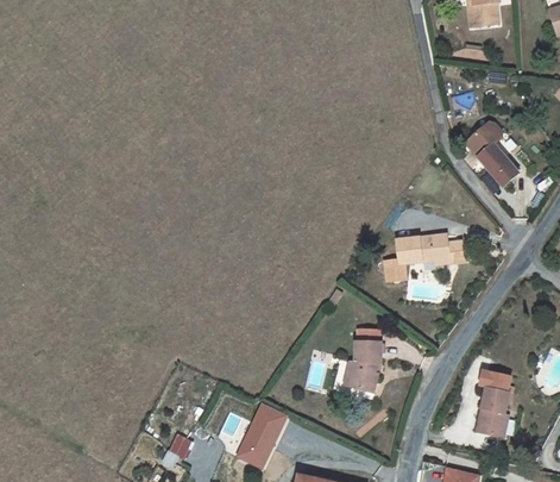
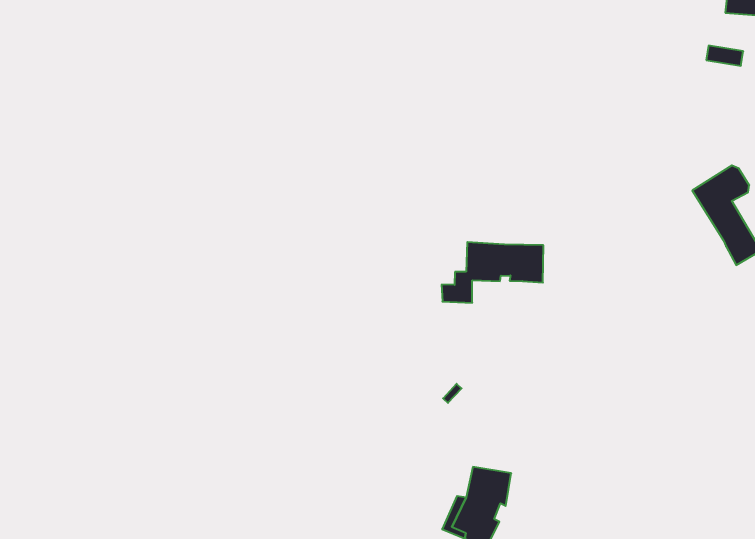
building: [385,234,449,281] -> [442,242,543,303]

